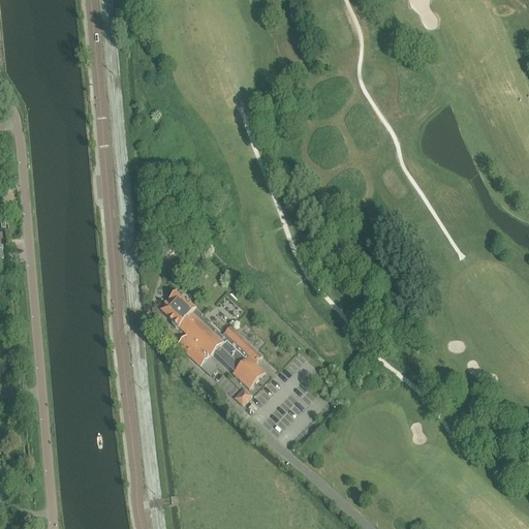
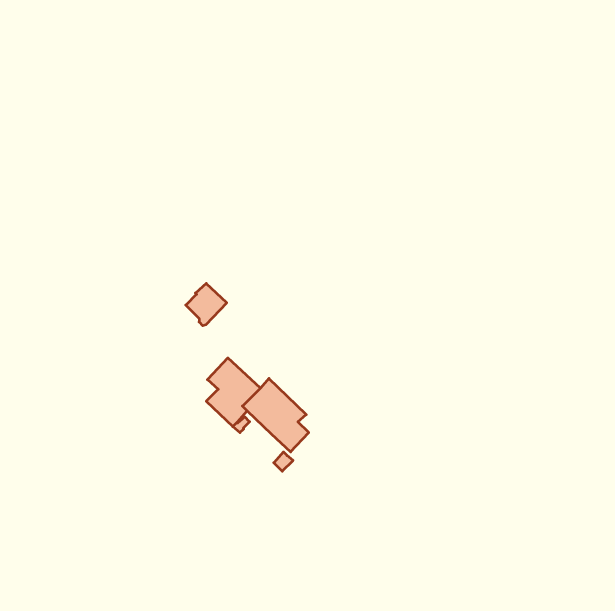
building: [160,290,195,326] -> [186,283,227,326]

